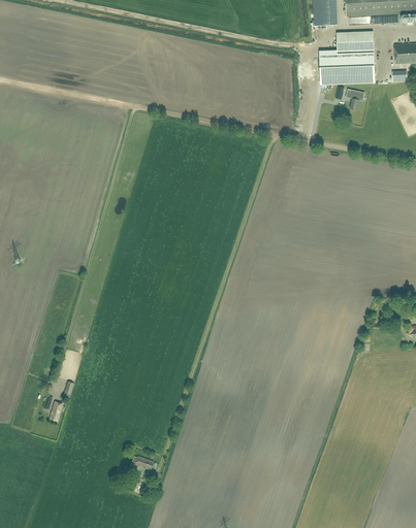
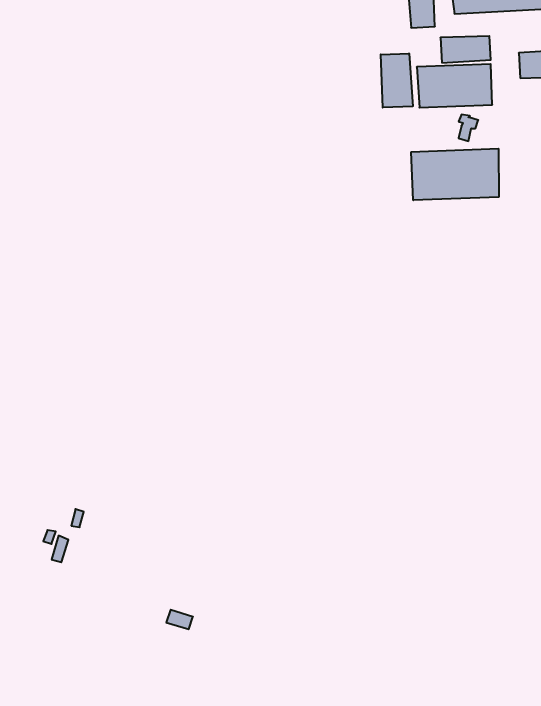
building: none -> [381,53,413,108]
building: none -> [411,149,499,200]

